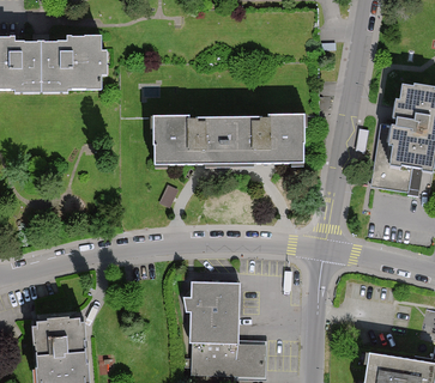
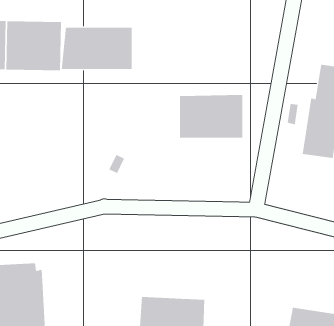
building: [158,118,237,165] -> [61,27,133,69]
building: [188,281,244,342] -> none

